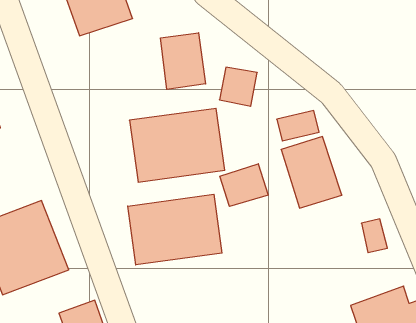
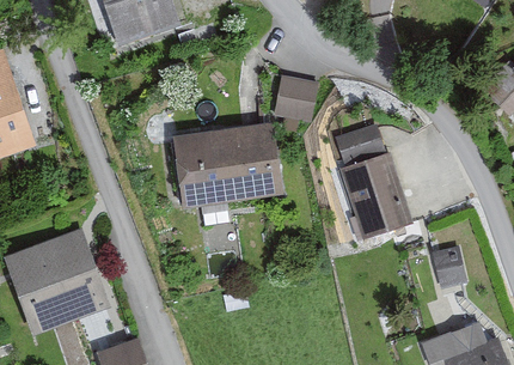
building: [161,33,206,89] -> none
building: [220,164,268,206] -> none
building: [128,194,222,265] -> none

